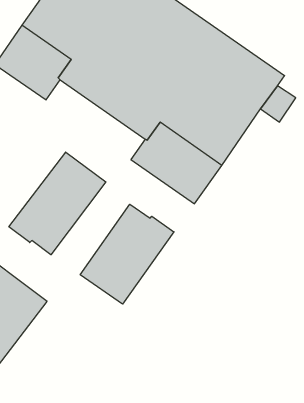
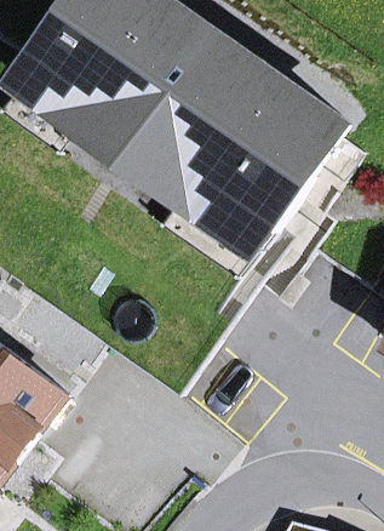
building: [9,152,106,255] -> none
building: [80,204,174,304] -> none

